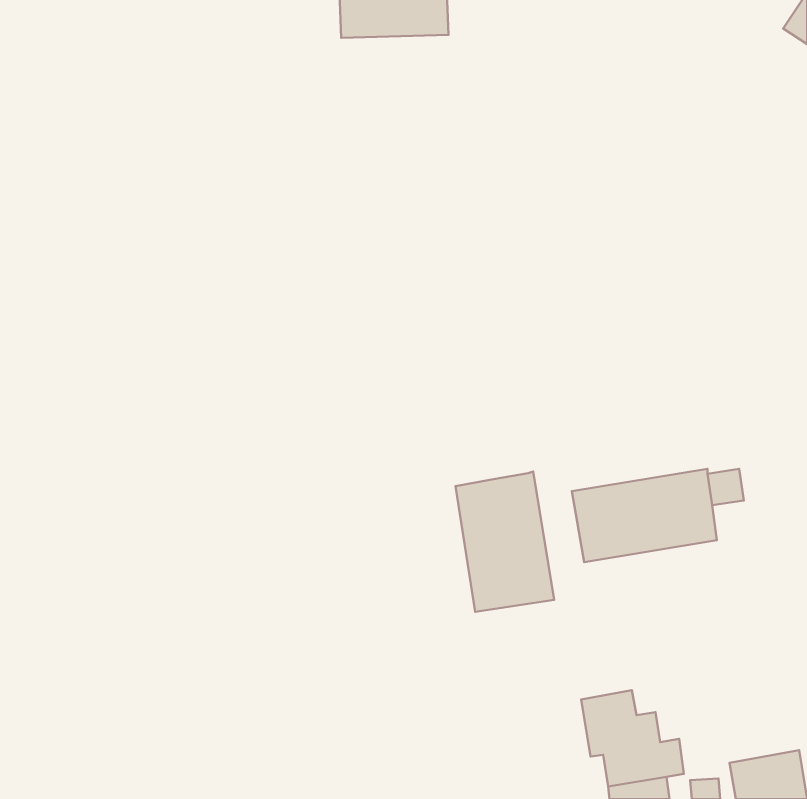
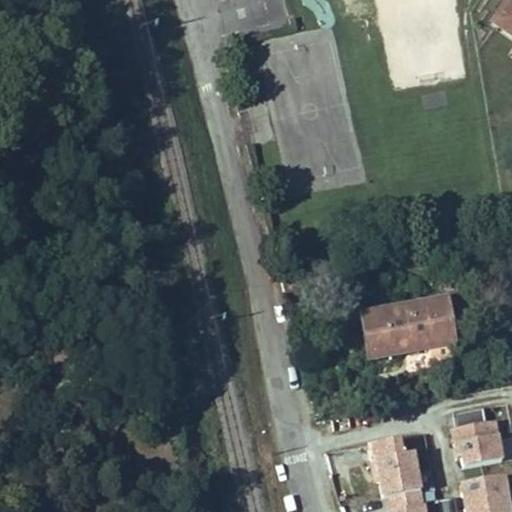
building: [455,472,554,612] -> none
building: none -> [452,404,503,465]

